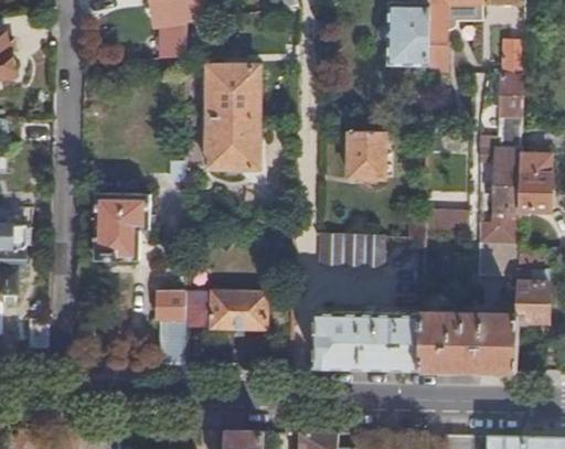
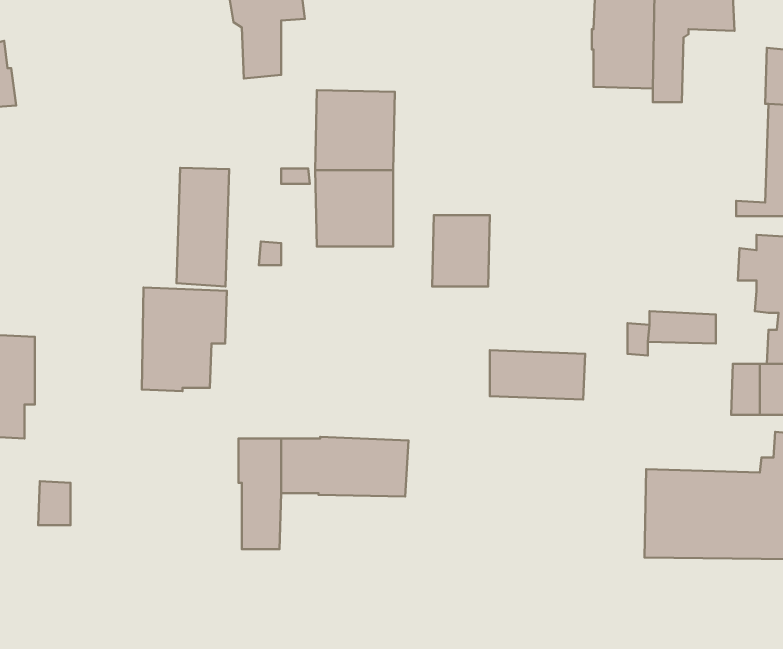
building: none -> [177,168,229,287]
building: [348,132,385,179] -> [432,215,490,287]
building: [313,312,422,371] -> none

